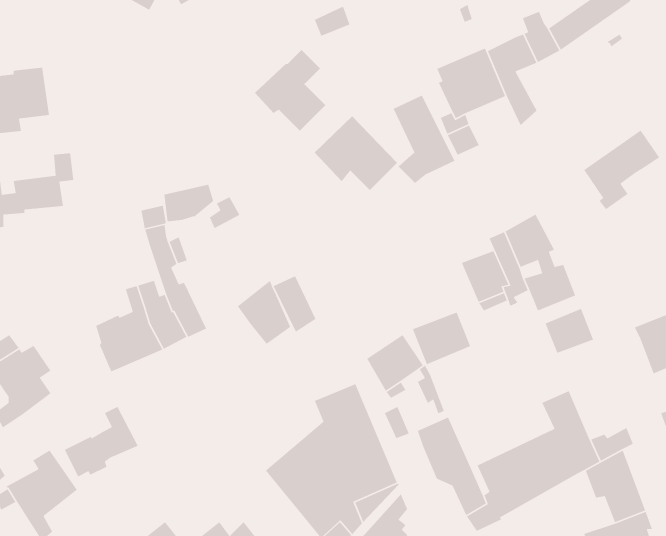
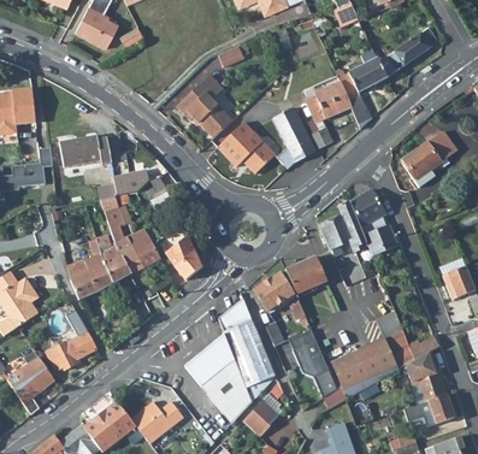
building: none -> [59,135,111,167]
building: [273,275,316,333] -> [129,229,159,269]
building: [545,308,595,354] -> none

